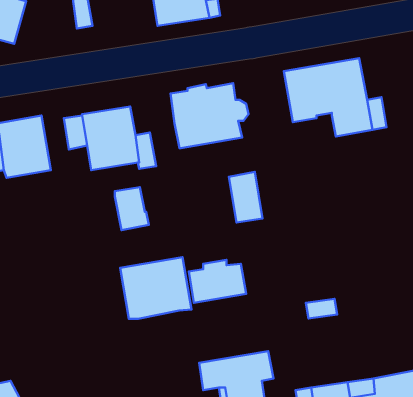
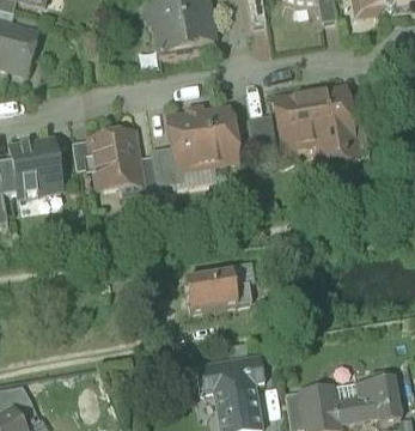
building: [229,172,263,223] -> [248,113,279,159]
building: [115,187,149,230] -> [152,146,183,186]
building: [120,257,191,319] -> none

